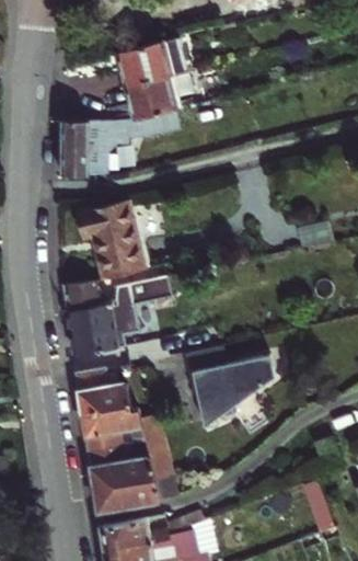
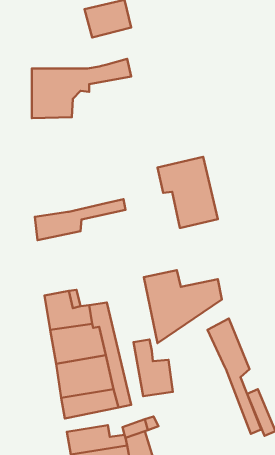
building: [129,70,190,117] -> none
building: [77,201,145,280] -> [157,157,218,228]
building: [68,278,170,355] -> none
building: none -> [207,319,261,434]
building: none -> [134,340,173,396]

